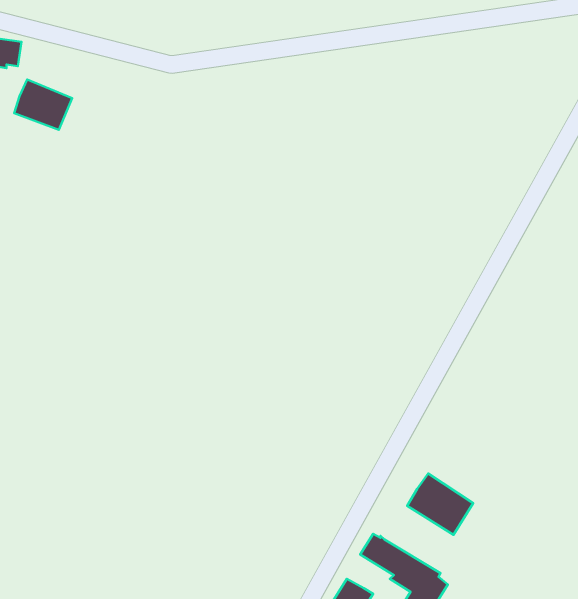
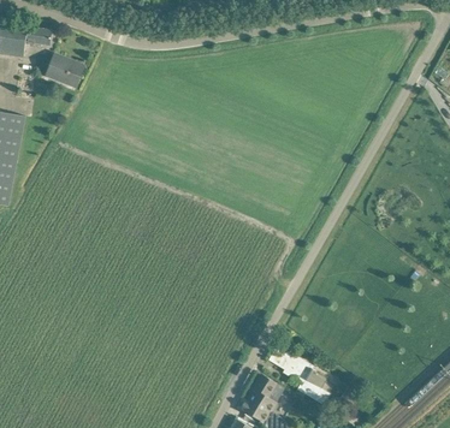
building: [407,473,473,535] -> none

